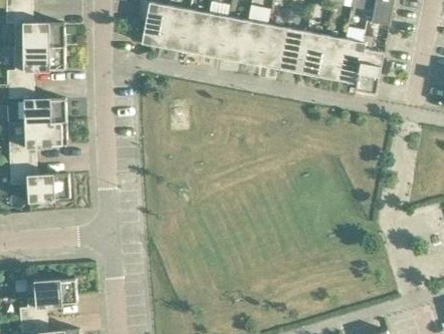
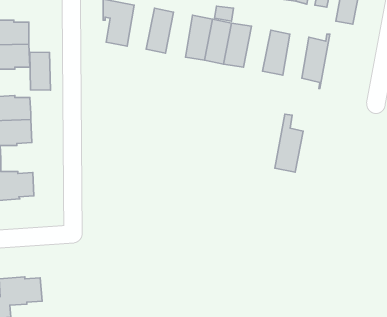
building: [162,6,189,50] -> none
building: [200,13,227,58] -> none
building: [278,27,305,72] -> none
building: [317,35,344,79] -> none
building: [355,35,383,93] -> [275,114,303,172]
building: none -> [30,52,50,90]

